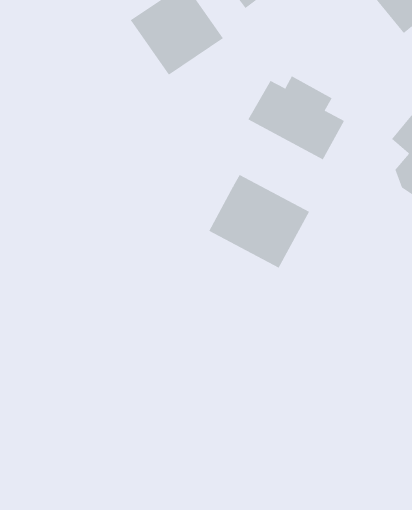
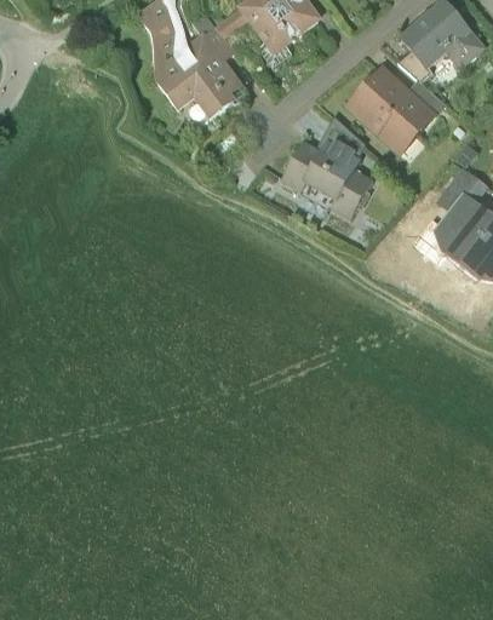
building: none -> [344,59,440,154]
building: [208,174,310,269] -> none

